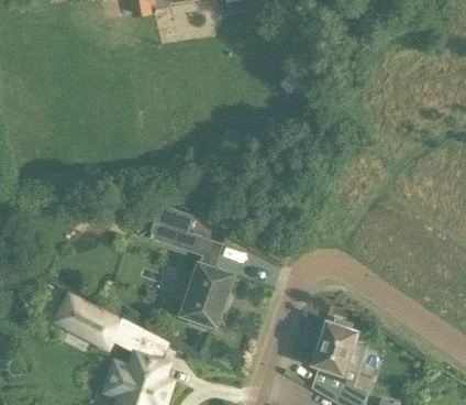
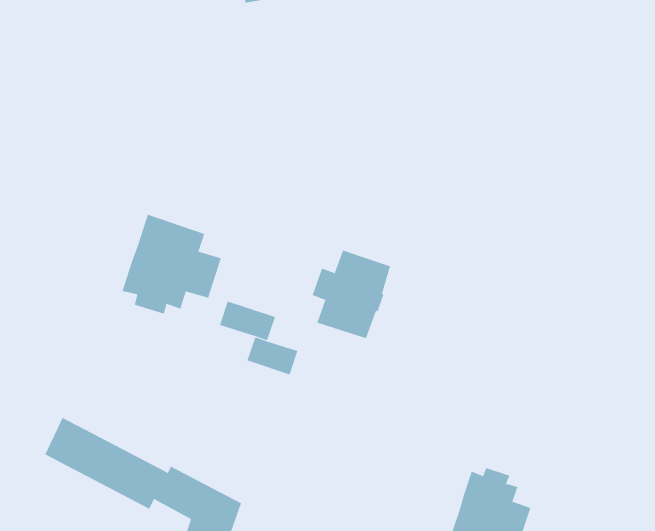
building: none -> [122,214,222,315]
building: [178,265,232,326] -> [312,250,391,339]

